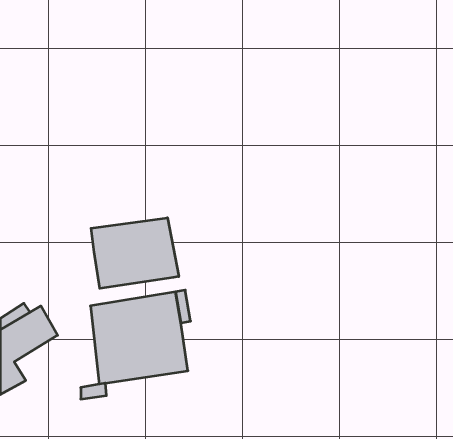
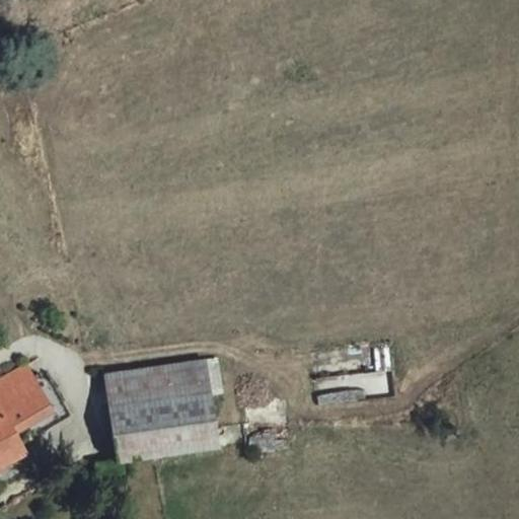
building: [91,218,179,288] -> none

